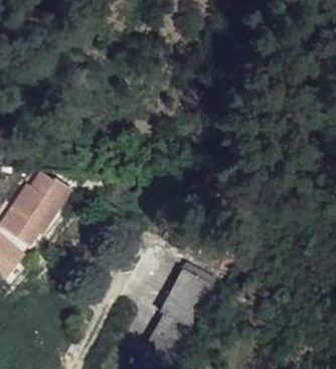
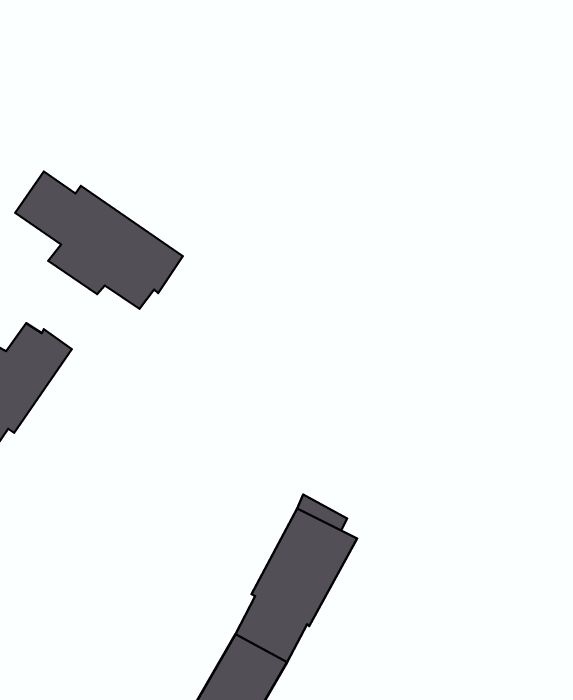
building: none -> [15,172,183,309]

